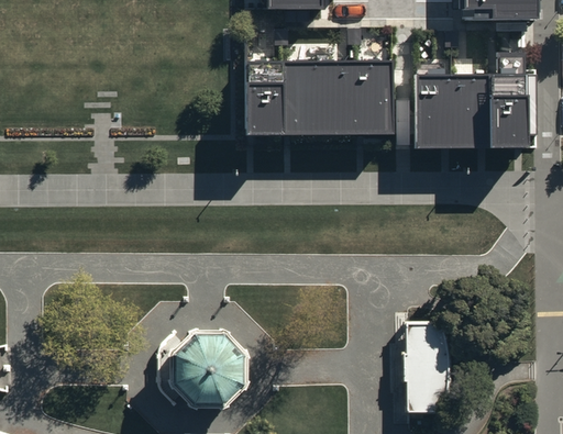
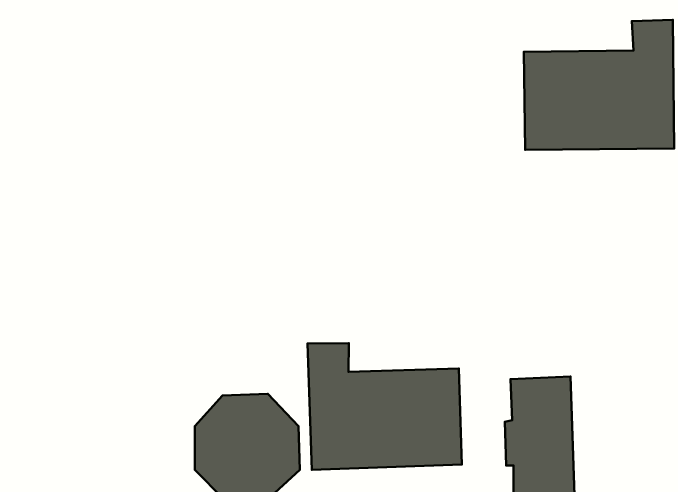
building: [246,60,395,135] -> none
building: none -> [308,343,462,470]

